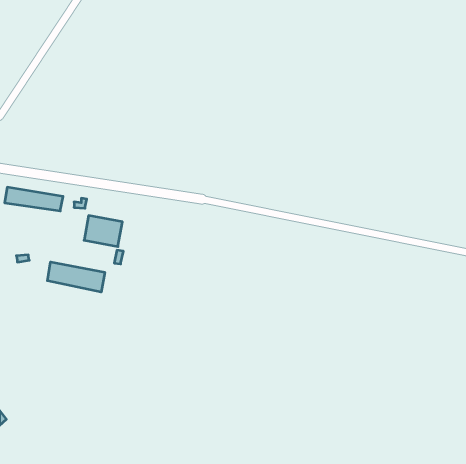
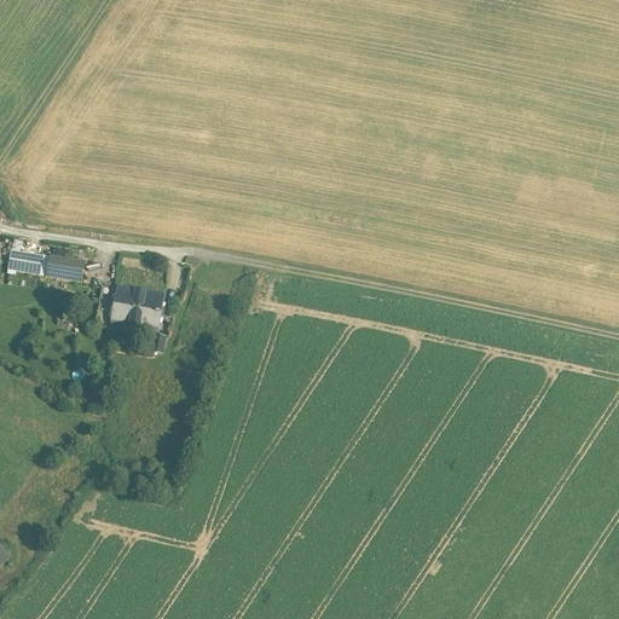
building: [47,262,105,292] -> none

